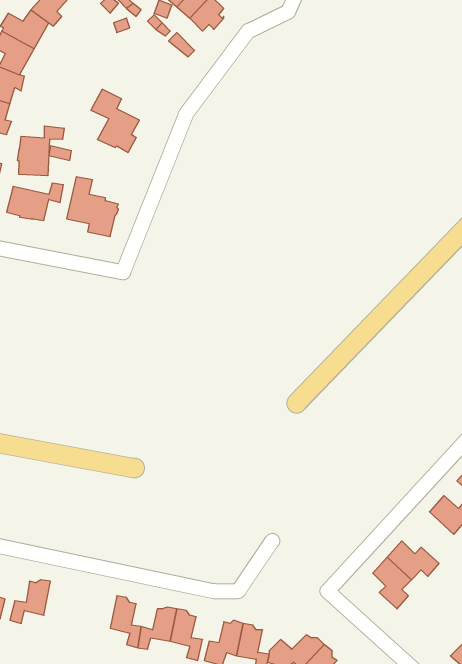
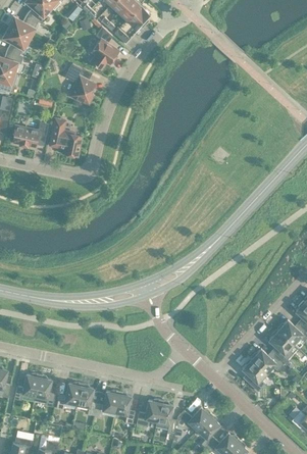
building: none -> [91,26,119,68]
building: [18,126,64,176] -> none
building: none -> [269,330,294,362]
building: none -> [34,373,55,406]
building: none -> [57,382,82,409]

